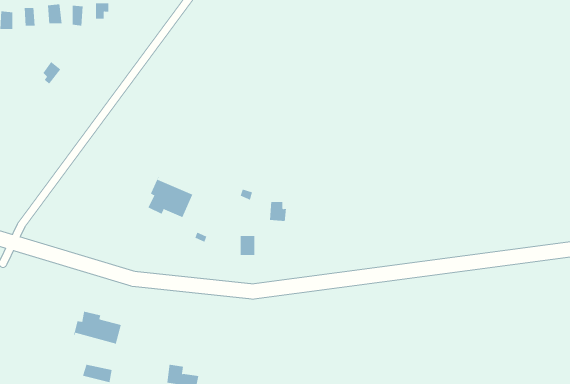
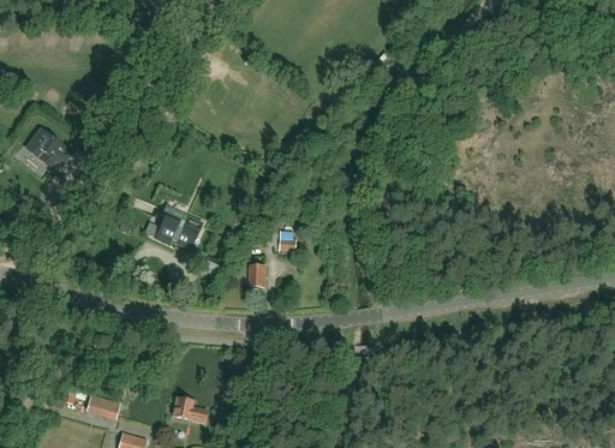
building: none -> [25,129,70,166]
building: [74,311,122,344] -> none

